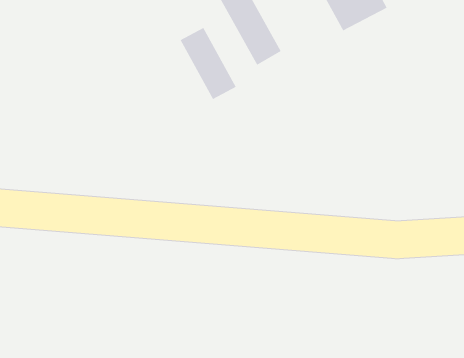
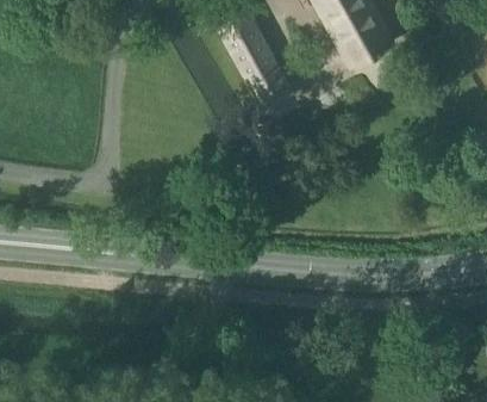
building: [180,27,237,100] -> none

